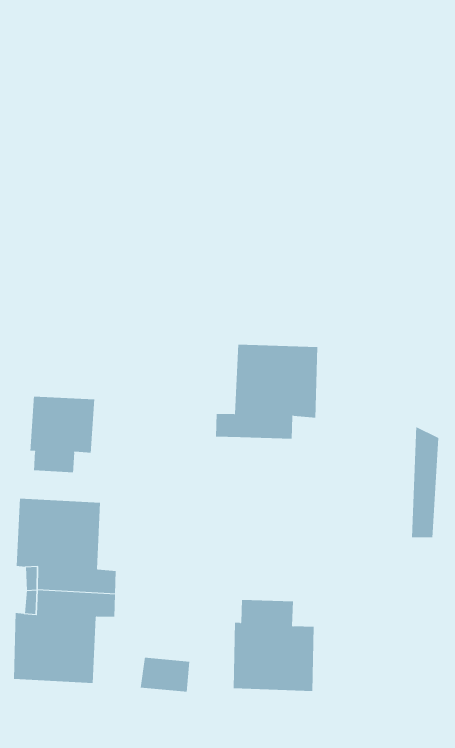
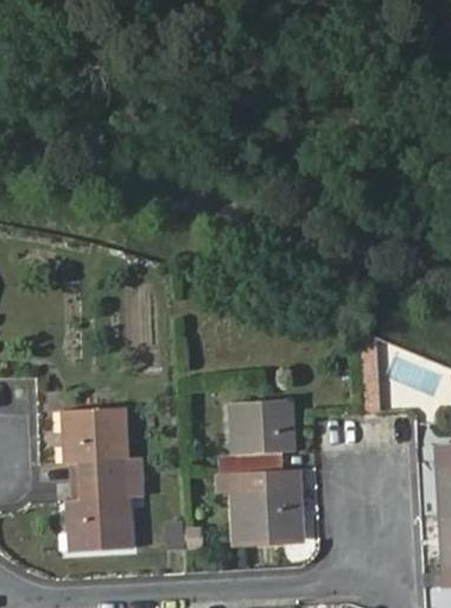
building: [215,344,318,439] -> [218,399,296,475]
building: [30,396,95,473] -> none

